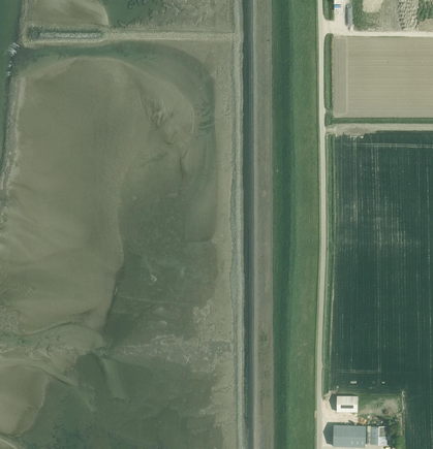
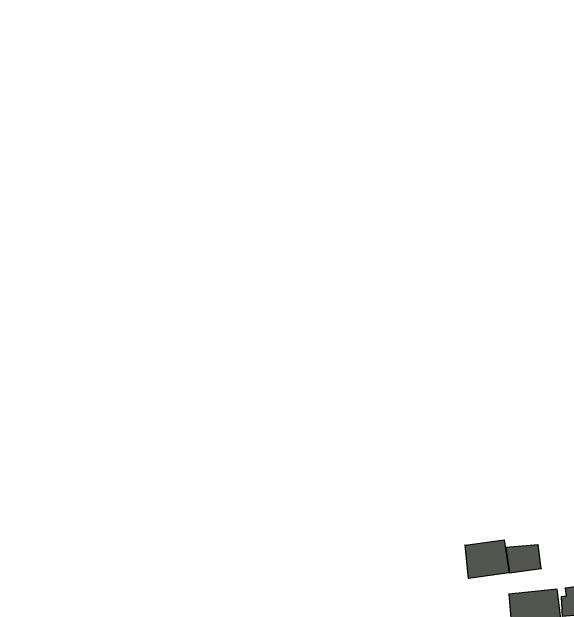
building: none -> [465,540,509,578]

